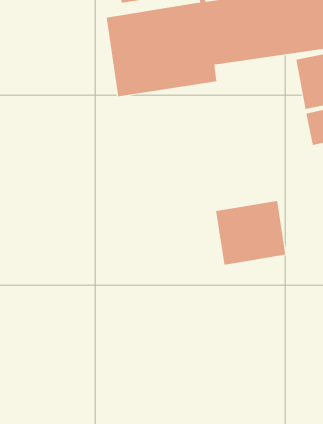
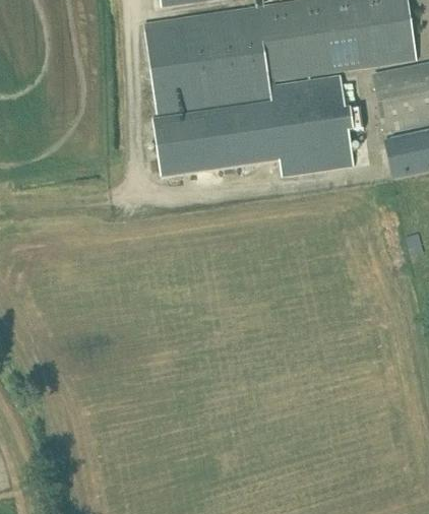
building: none -> [152,73,364,177]
building: [216,200,286,265] -> none

